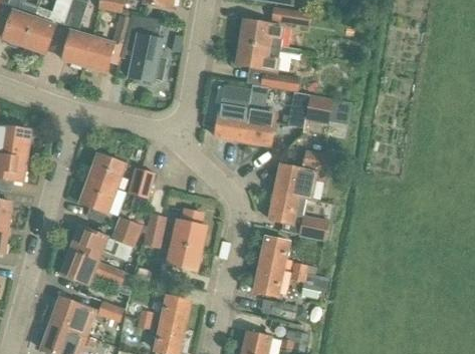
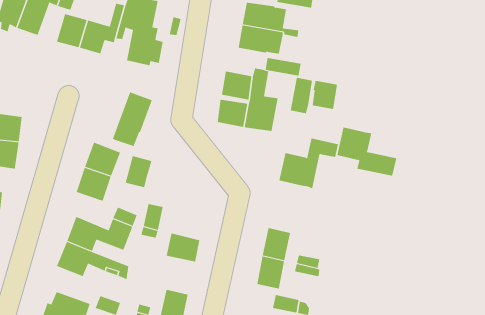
building: none -> [112,92,153,147]
building: [269,192,327,239] -> [337,127,397,176]
building: [172,209,205,249] -> none

